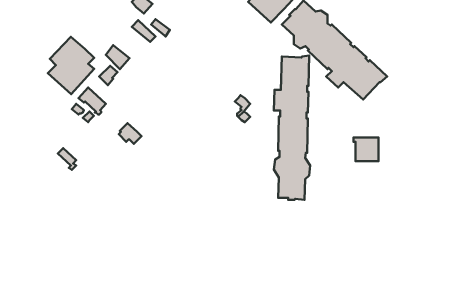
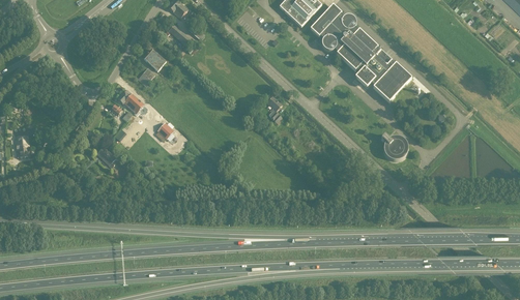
building: [48,37,94,94] -> none
building: [274,55,310,200] -> none

